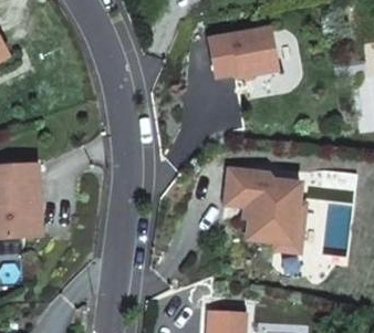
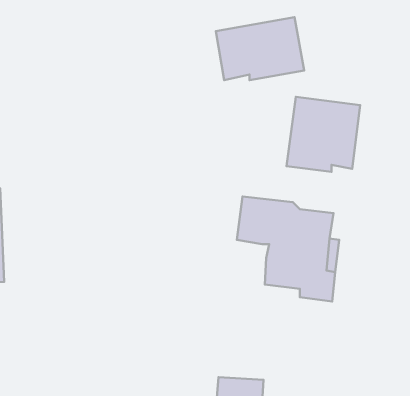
building: none -> [287,97,360,172]

